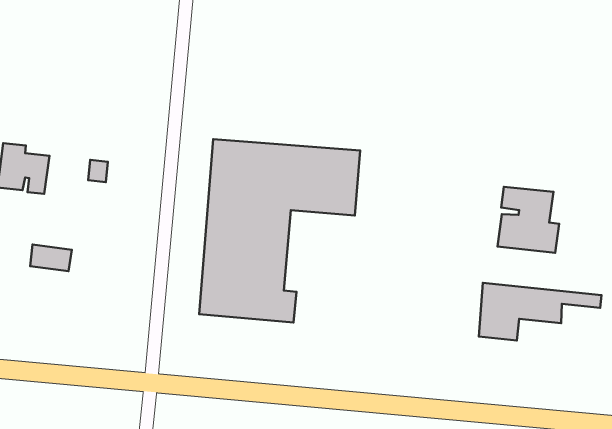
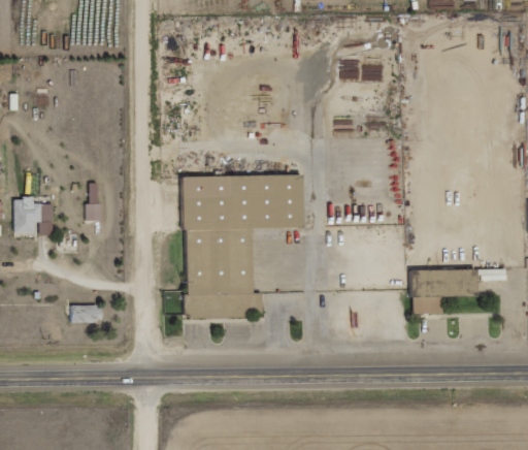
building: [497,187,559,253] -> none
building: [30,244,72,271] -> [72,304,104,323]

